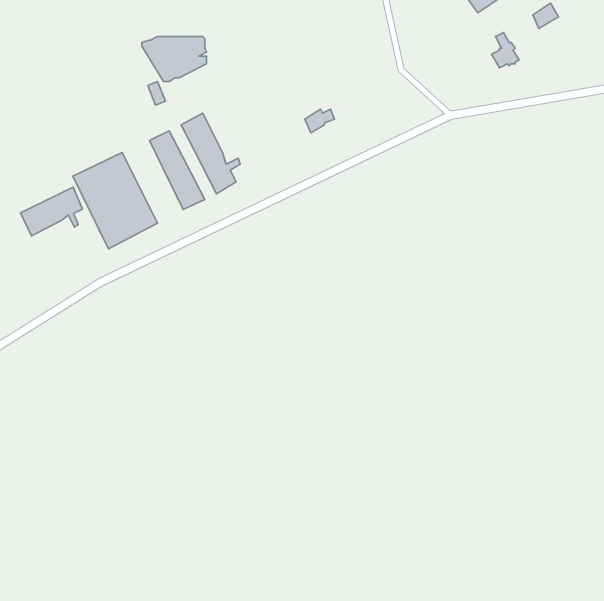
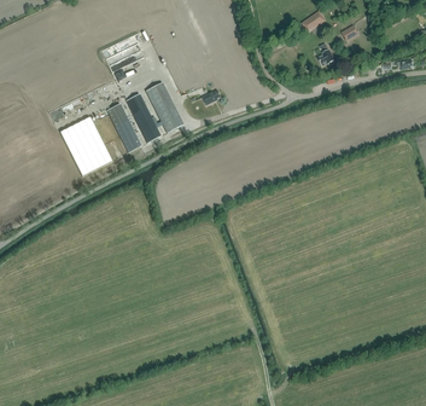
building: none -> [146,82,183,133]
building: [21,187,82,236] -> none

